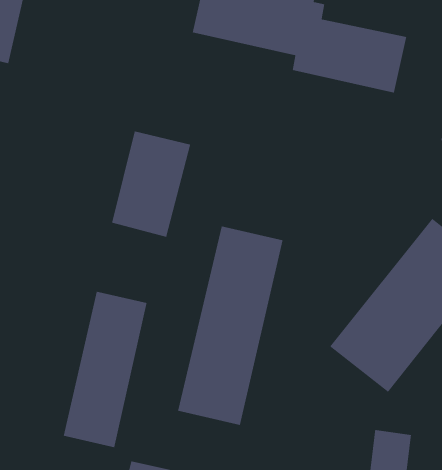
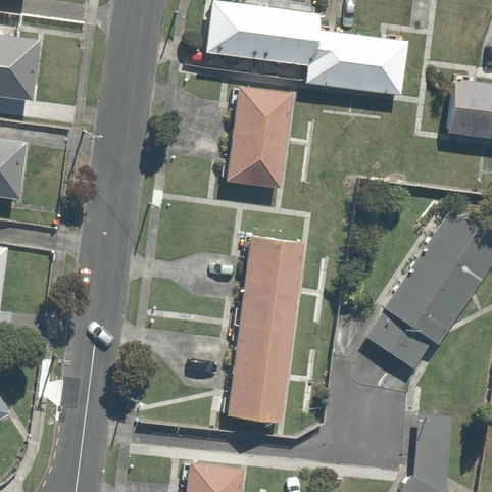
building: [111,130,191,238] -> [223,88,290,186]
building: [63,291,147,448] -> none

